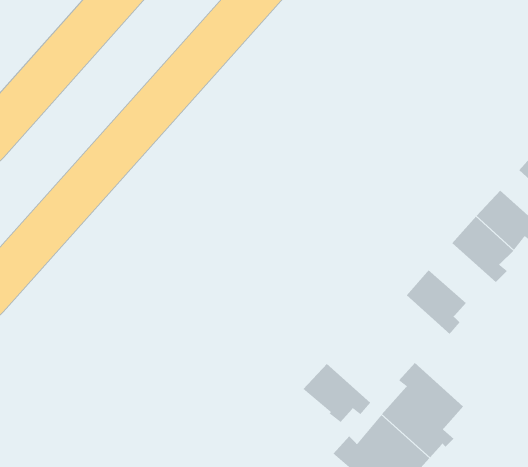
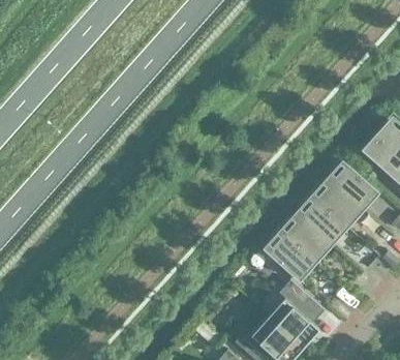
building: none -> [301,200,346,240]
building: [302,363,371,423] -> [269,235,315,275]

